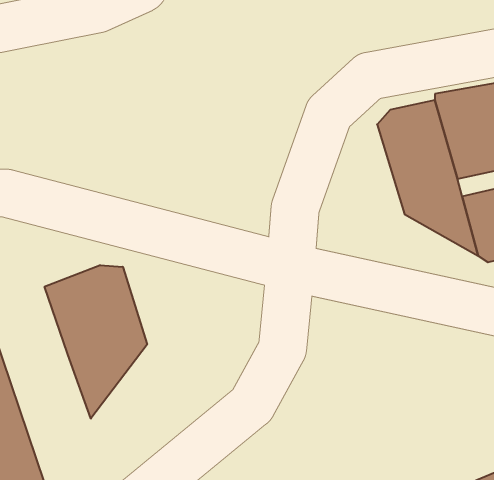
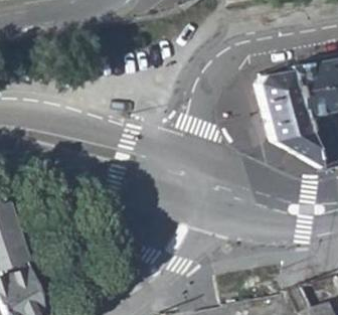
building: [45,265,147,419] -> none

